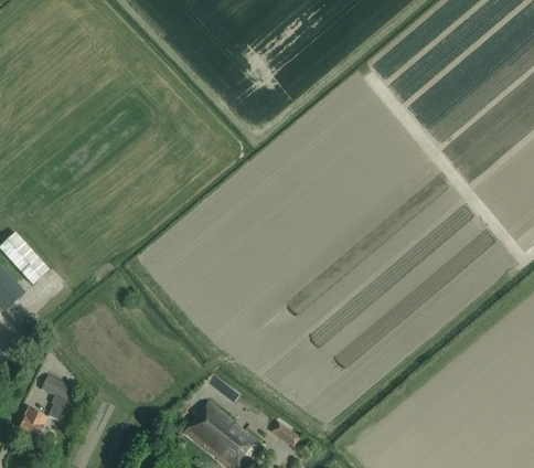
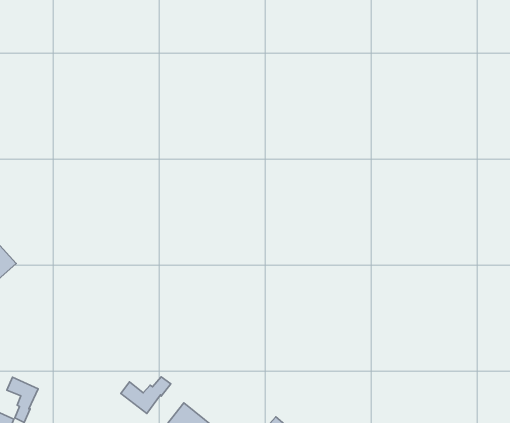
building: none -> [121,377,171,413]

